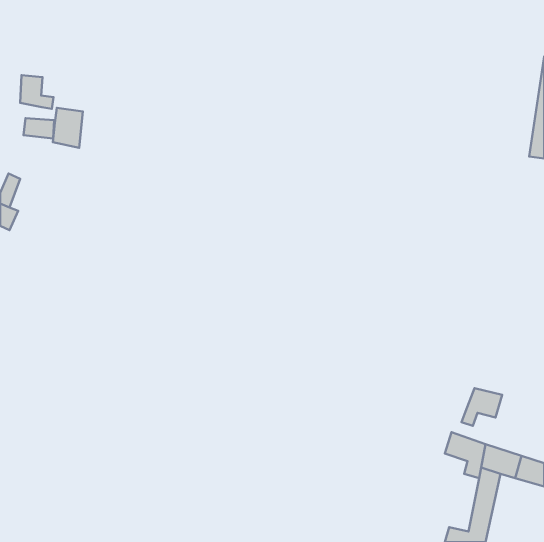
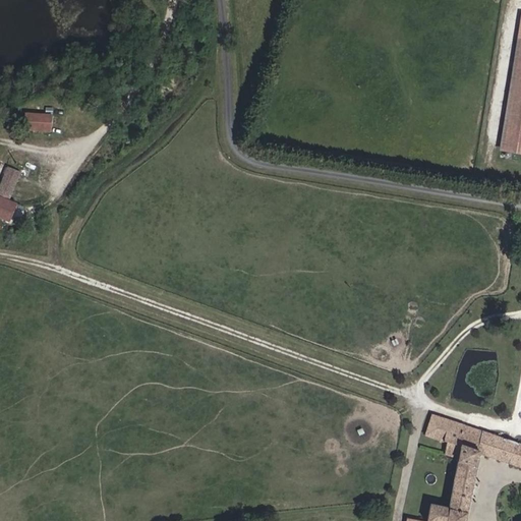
building: [20,75,53,109] -> none
building: [53,108,83,148] -> none
building: [461,388,502,426] -> none

